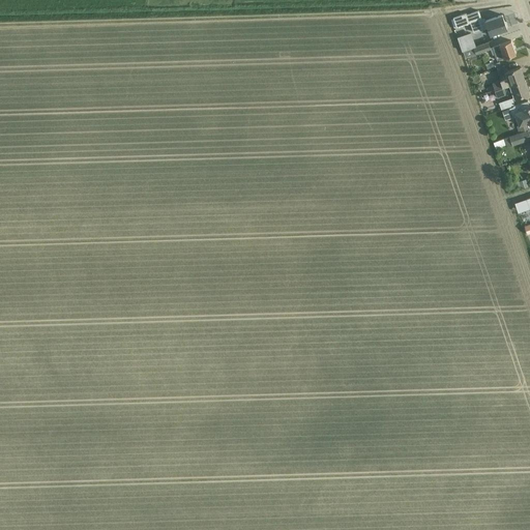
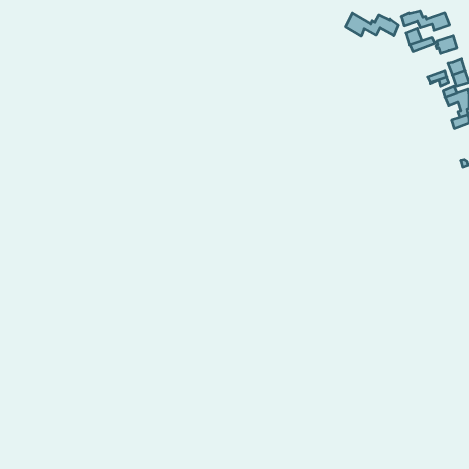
building: none -> [346,13,398,36]

